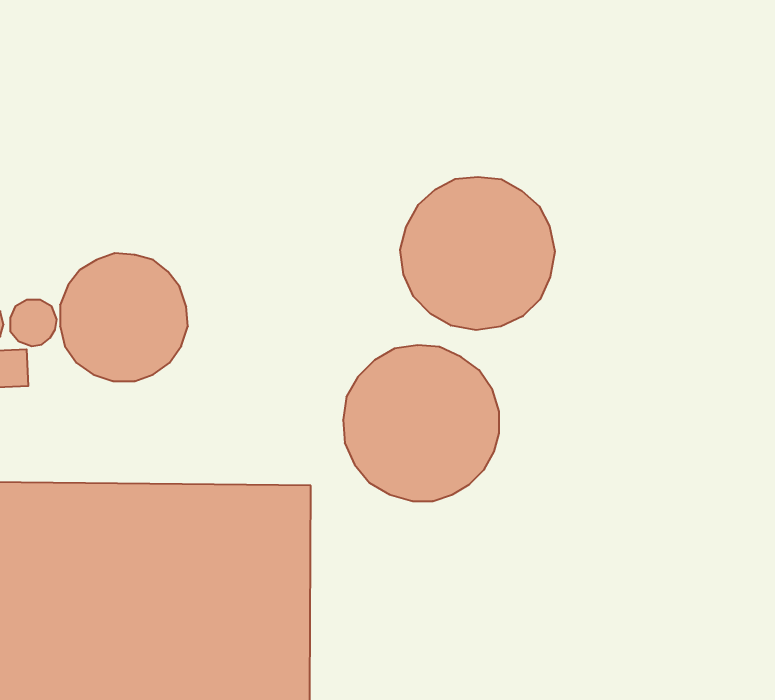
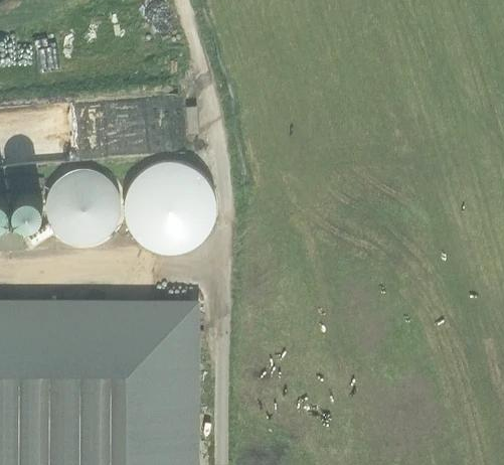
building: [400,177,555,330] -> none
building: [343,345,499,501] -> [125,155,219,250]

